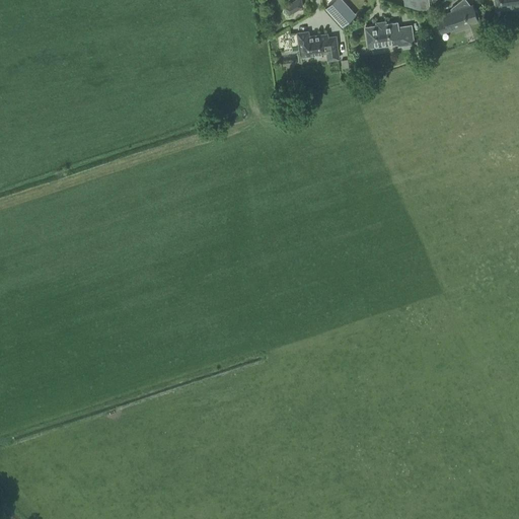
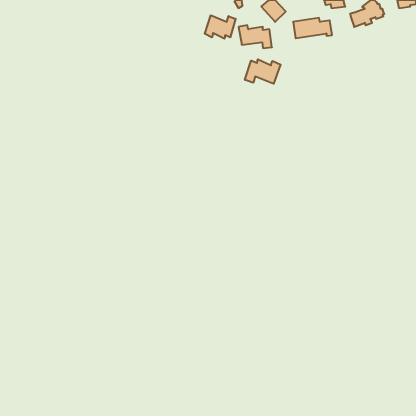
building: none -> [205,15,236,39]
building: none -> [245,59,281,84]

